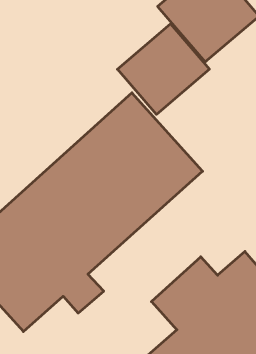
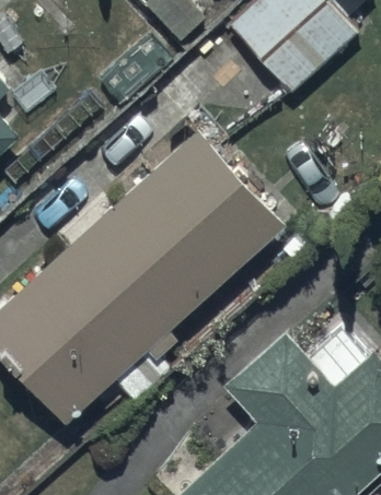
building: [117,24,209,114] -> none

